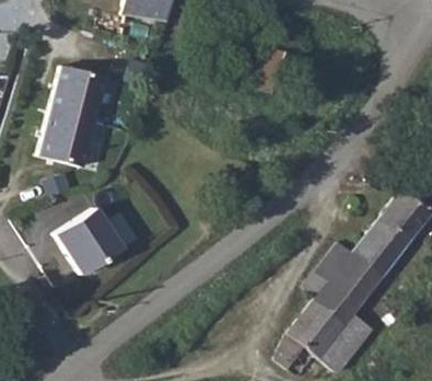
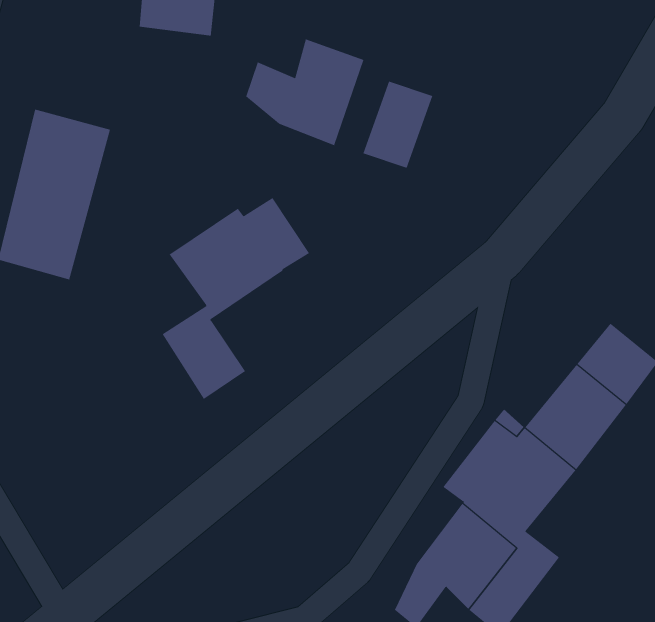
building: none -> [246,38,364,147]
building: none -> [162,197,310,400]
building: [66,209,131,276] -> none

